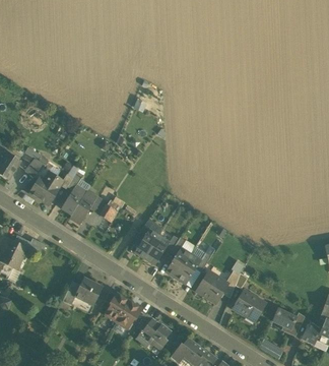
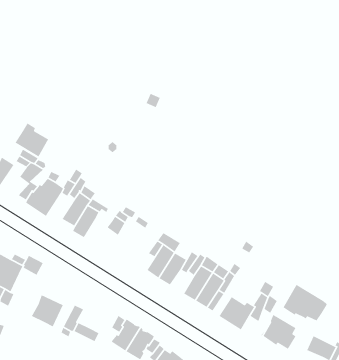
building: none -> [14,122,49,157]
building: none -> [282,284,328,322]
building: [74,277,103,305] -> [31,294,64,327]

